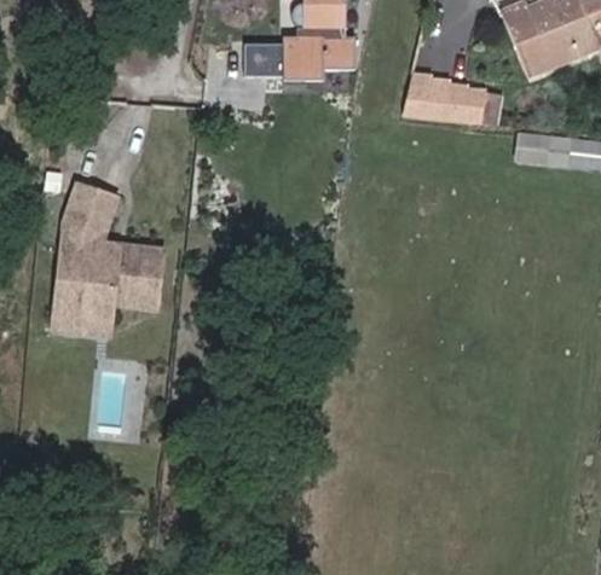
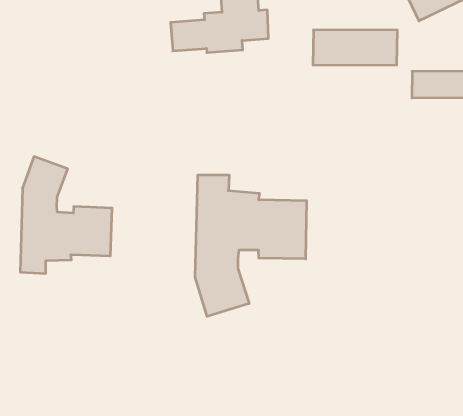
building: none -> [195,175,307,316]
building: [51,309,111,339] -> none

